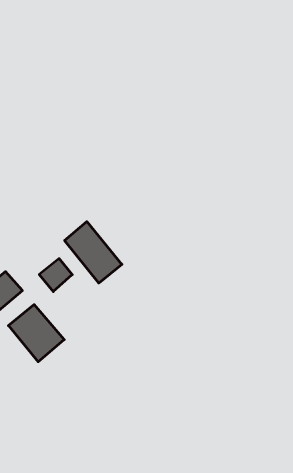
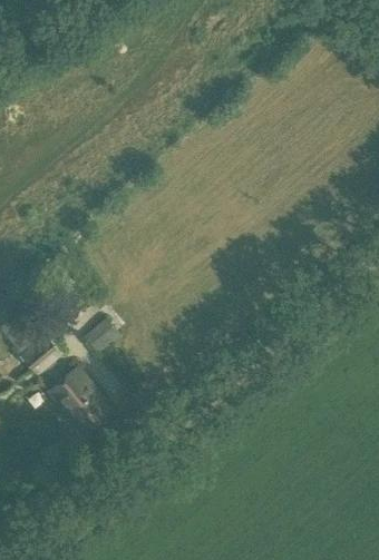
building: [65,222,122,283] -> none

